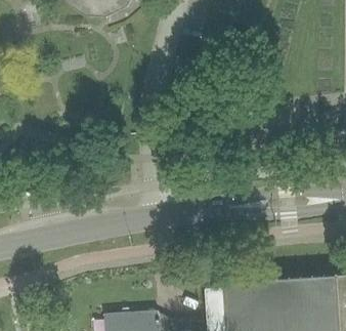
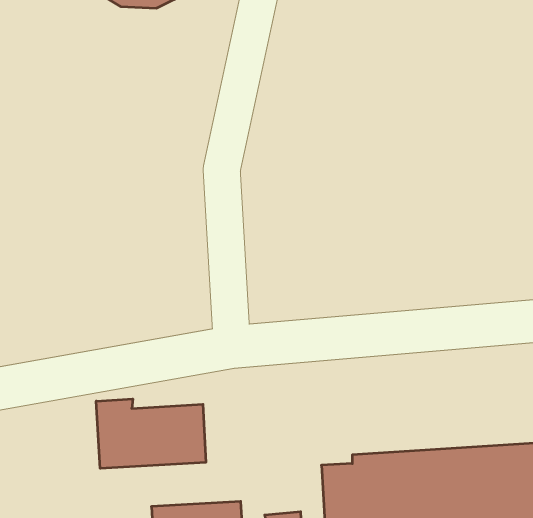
building: none -> [96,399,206,468]

